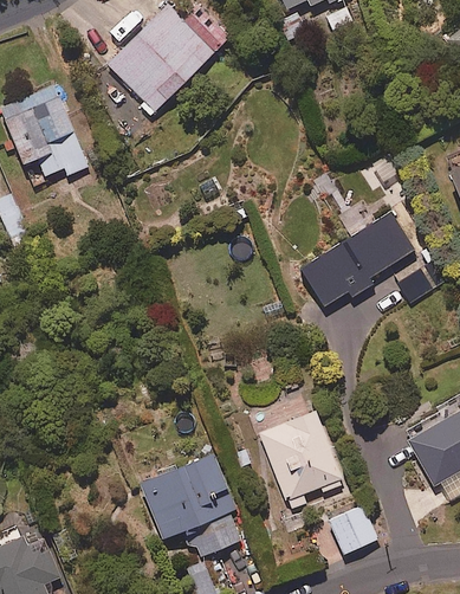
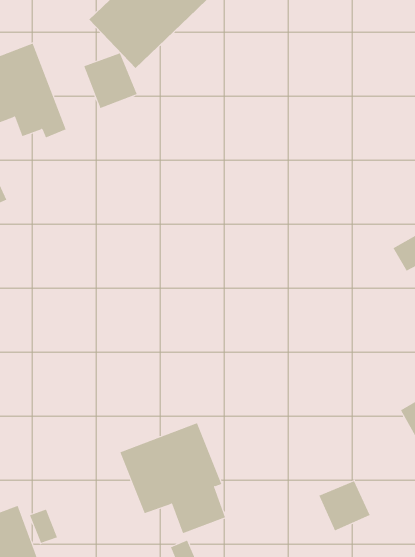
building: none -> [84,53,137,109]
building: [299,212,414,306] -> none
building: [258,411,344,514] -> none

